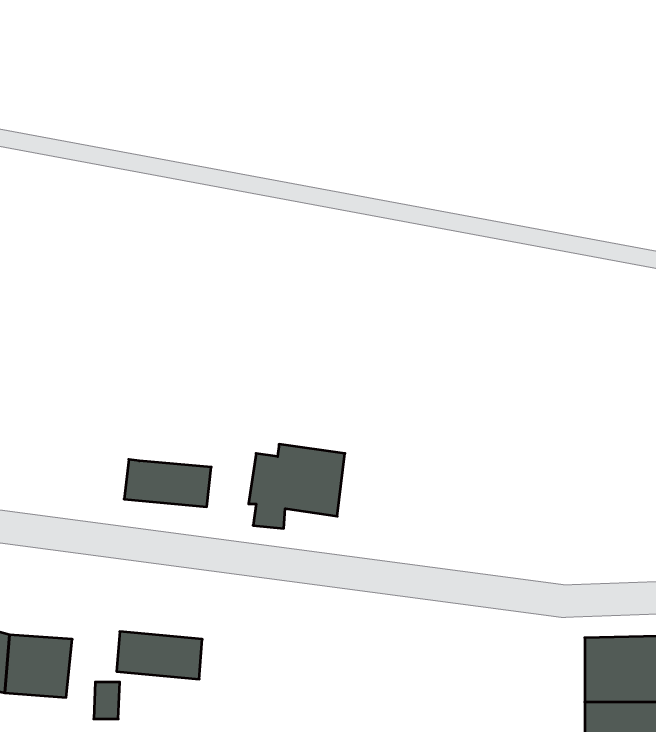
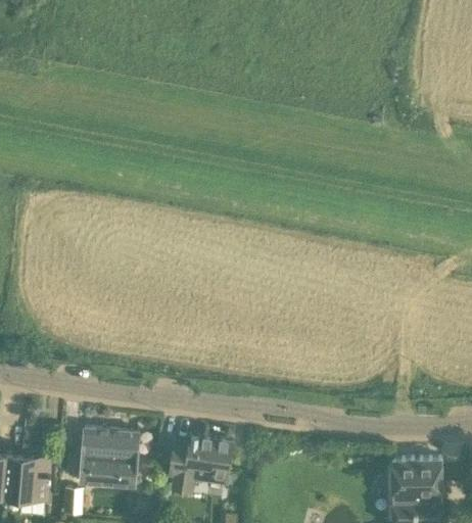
building: [249,444,345,528] -> [168,435,232,491]
building: [124,459,211,507] -> [81,428,139,460]

